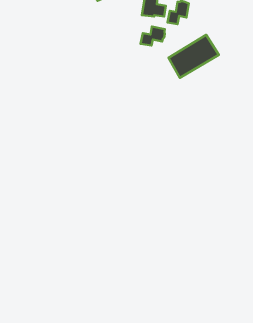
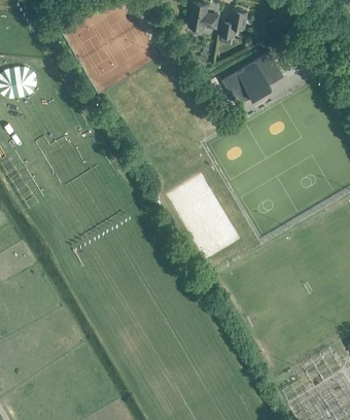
building: [141,26,165,46] -> none

